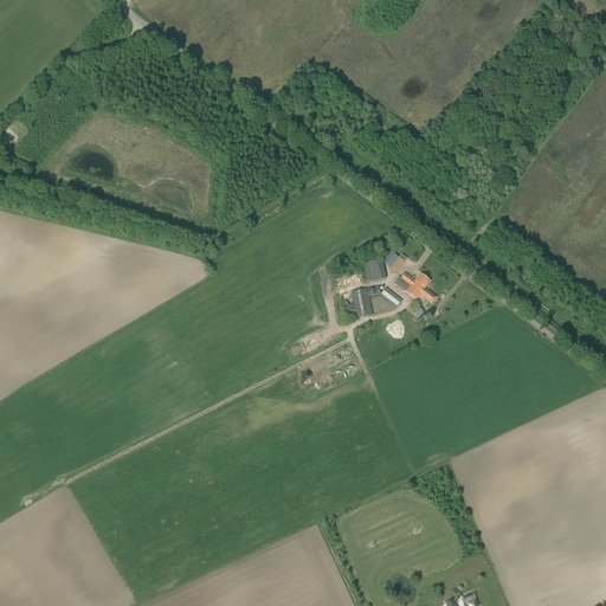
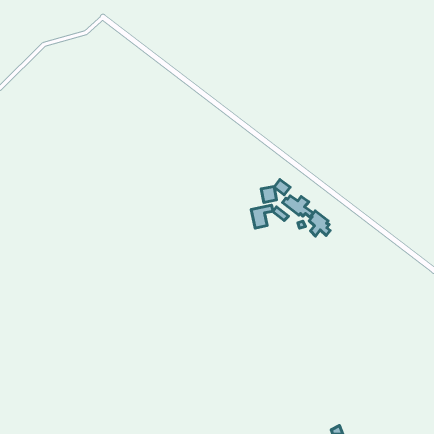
building: none -> [309,211,330,236]

